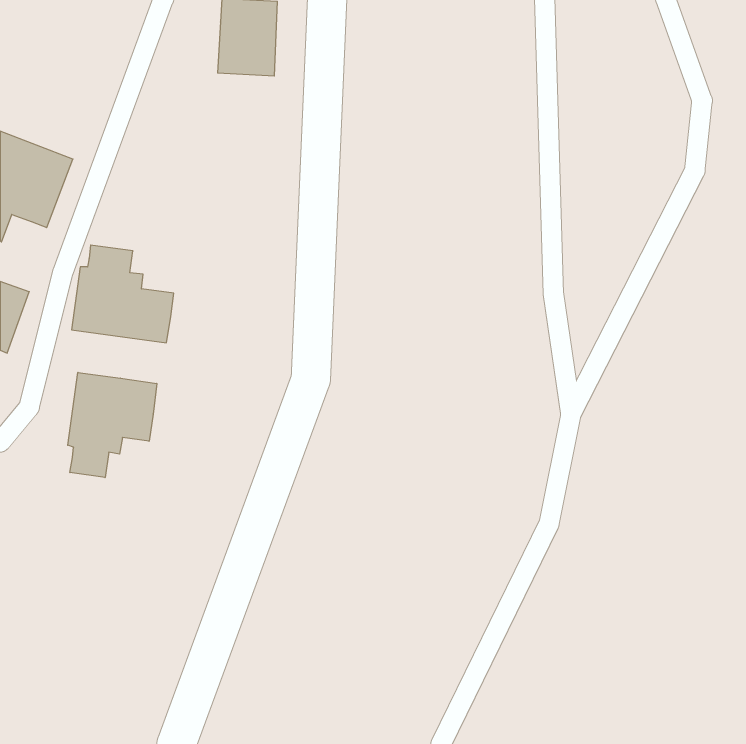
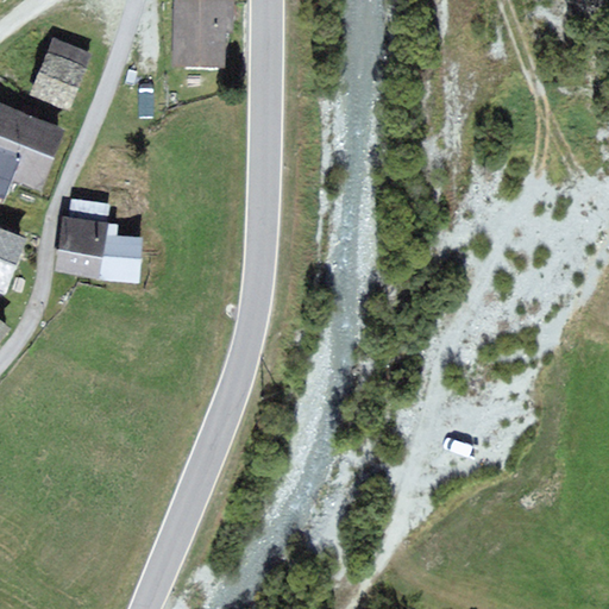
building: none -> [34,40,88,103]
building: [68,372,157,478] -> none

